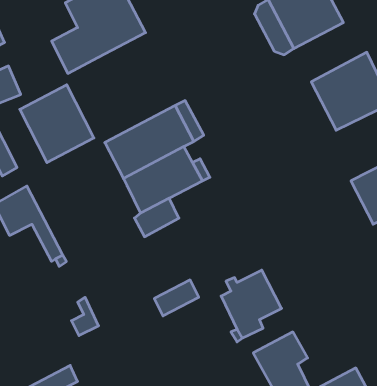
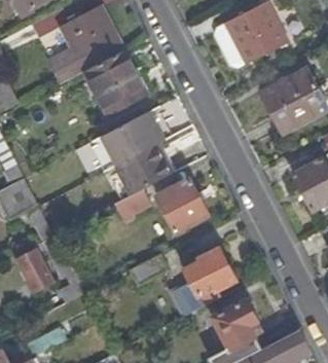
building: [20,85,94,163] -> [84,50,146,115]
building: none -> [157,178,209,230]
building: none -> [15,246,54,292]

